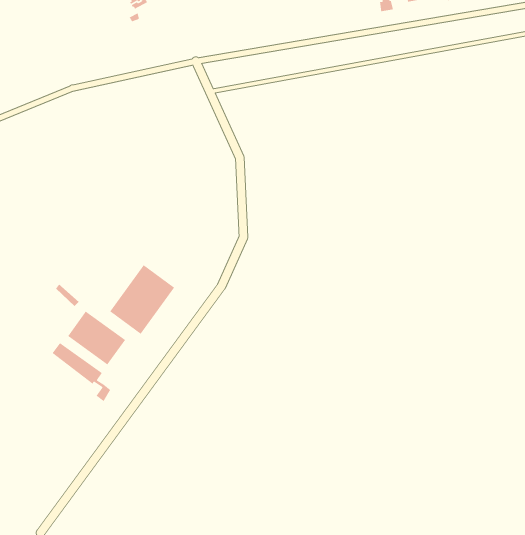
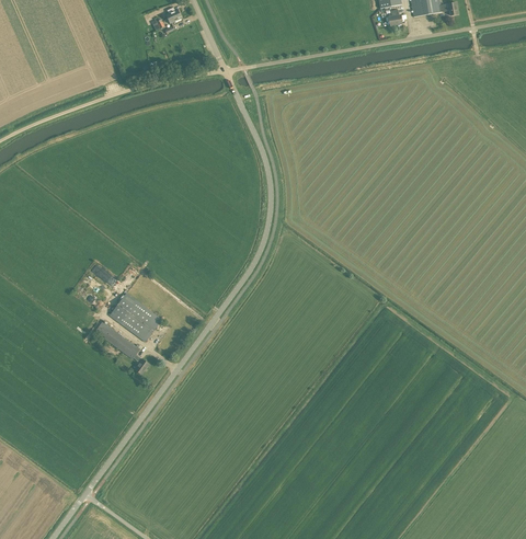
building: [109,264,175,335] -> none

